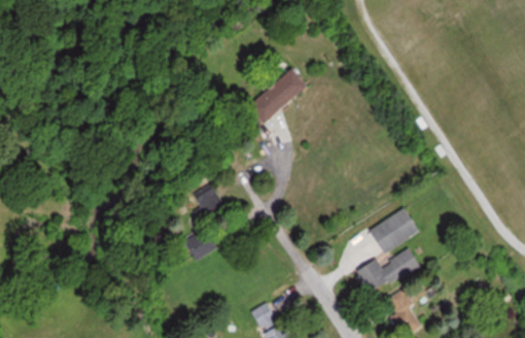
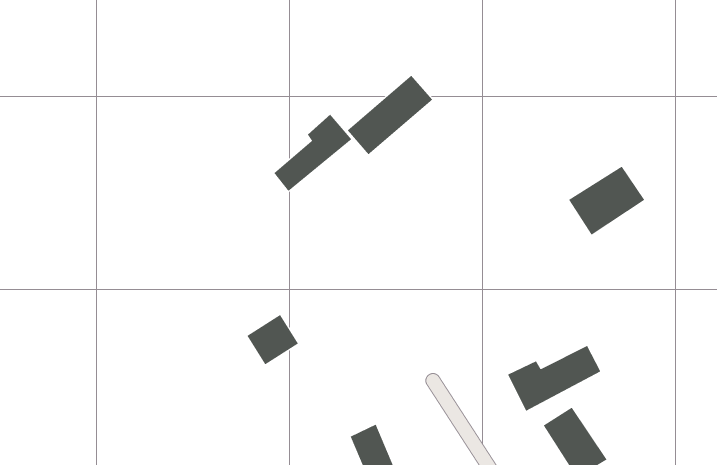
building: none -> [273,114,352,192]
building: [191,185,221,215] -> none
building: [369,207,420,254] -> [568,166,645,235]

